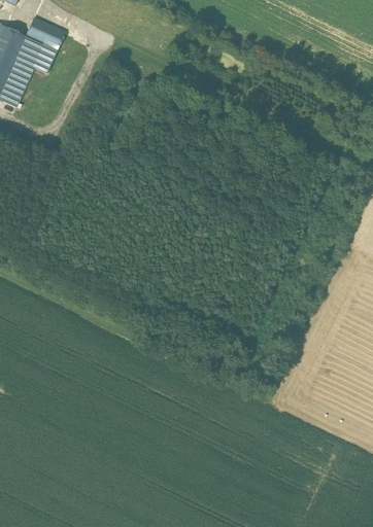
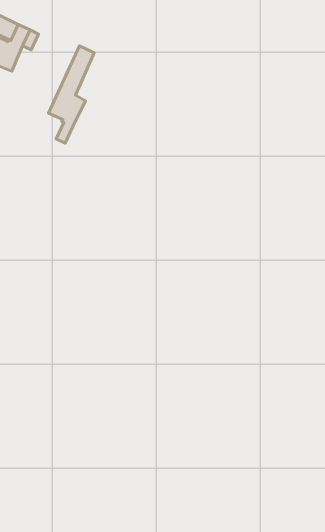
building: none -> [49,46,94,143]

